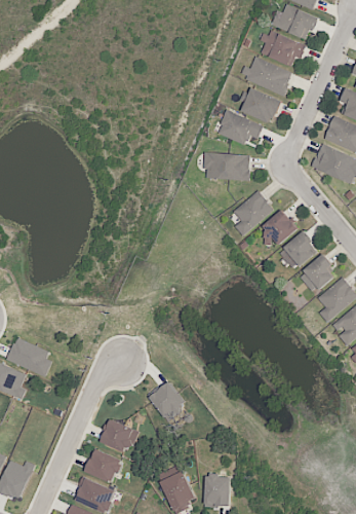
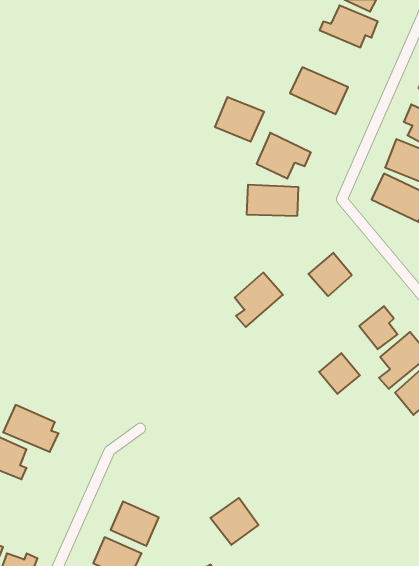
building: [261,29,307,67] -> none
building: [241,87,282,124] -> [215,97,264,142]
building: [234,191,274,236] -> [235,273,283,327]
building: [283,234,317,268] -> [319,353,360,394]
building: [144,377,184,416] -> [210,498,259,545]

